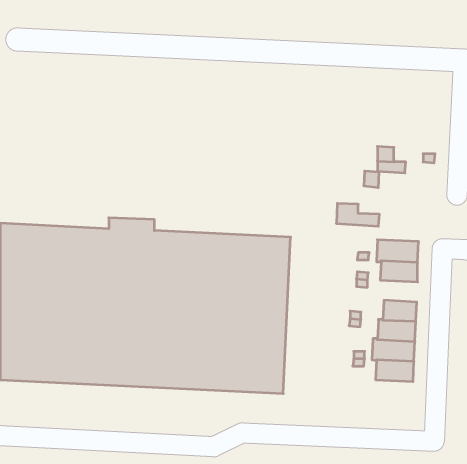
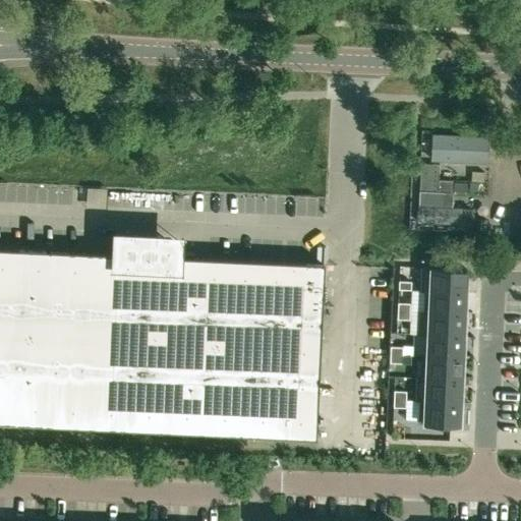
building: none -> [431,134,489,164]
building: [336,203,379,226] -> [427,198,475,224]
building: none -> [417,314,465,340]

